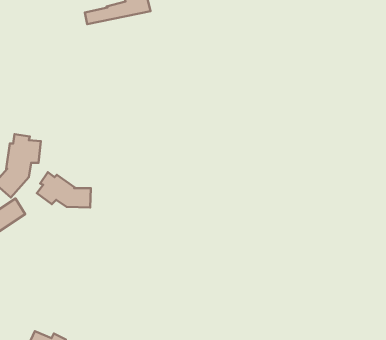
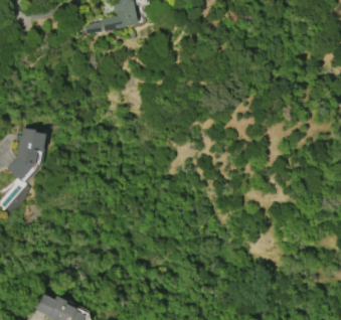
building: [37,172,91,207] -> none

